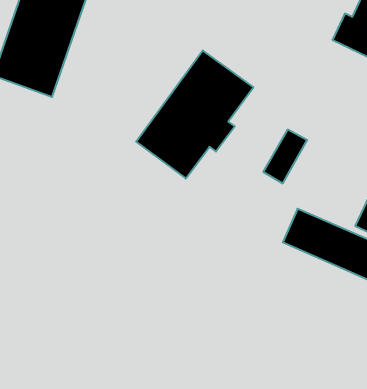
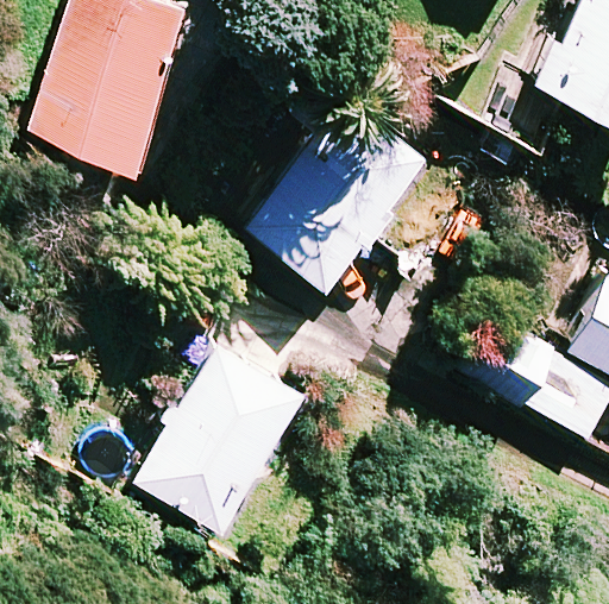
building: none -> [145,346,294,533]

